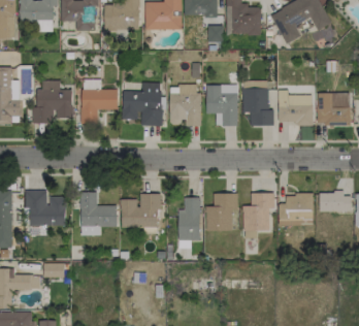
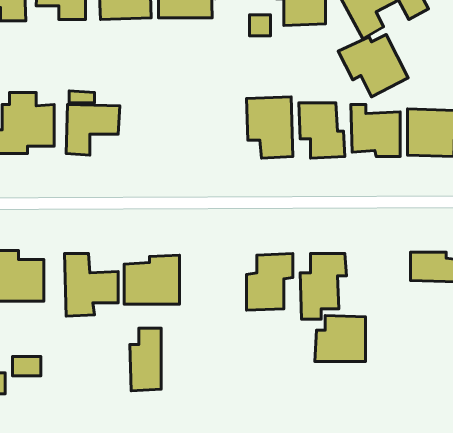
building: none -> [338,35,408,97]
building: [123,82,163,126] -> none
building: [170,85,200,126] -> none
building: [279,193,314,225] -> [315,315,366,362]
building: [178,197,200,240] -> [130,328,161,391]

